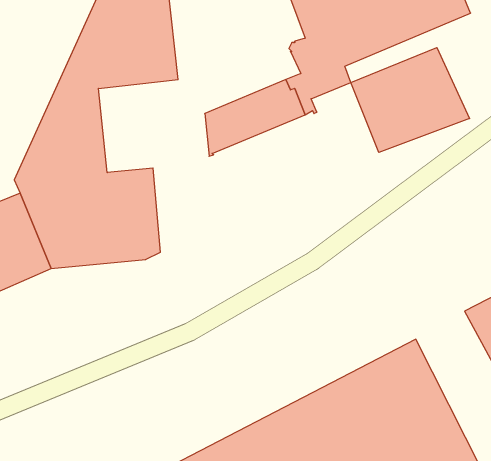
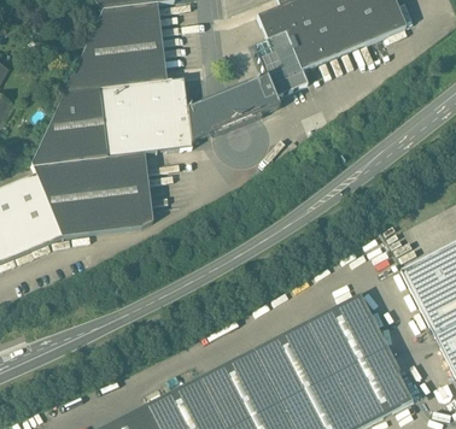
building: [351,48,470,152] -> none
building: none -> [101,78,192,157]

